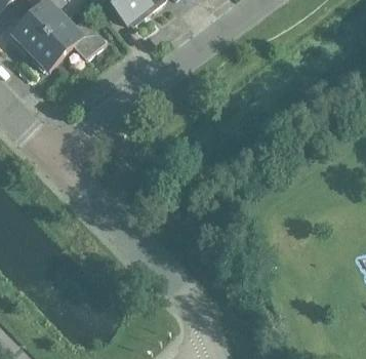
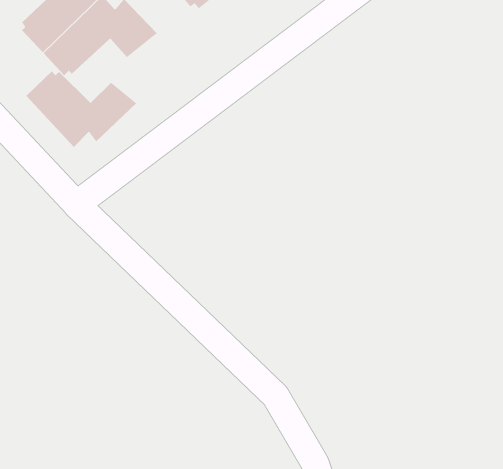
building: none -> [26,70,137,148]

